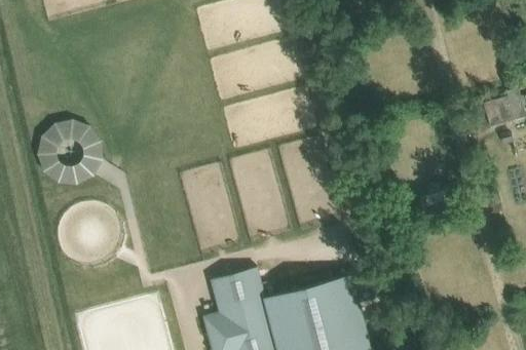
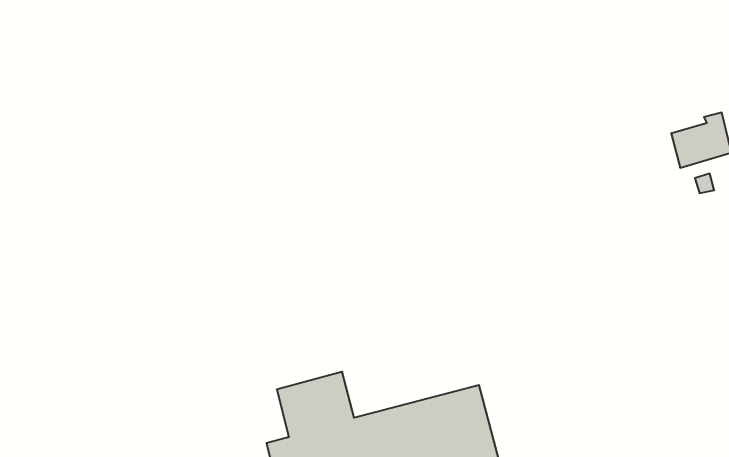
building: [35,124,99,180] -> none

